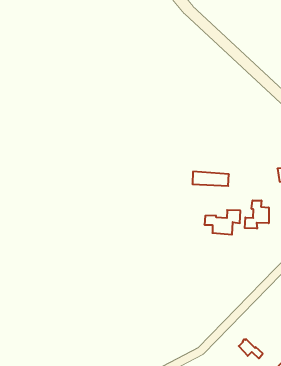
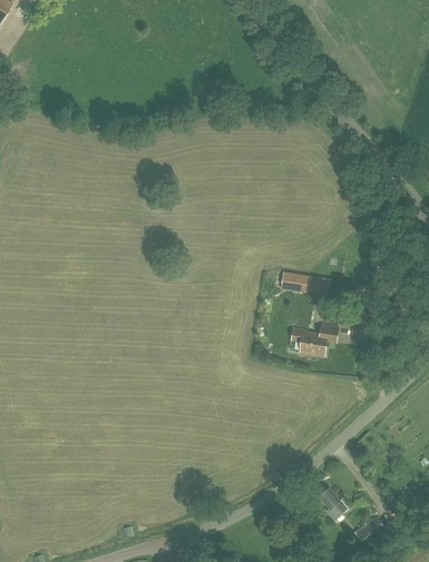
building: [245,200,269,229] -> none

